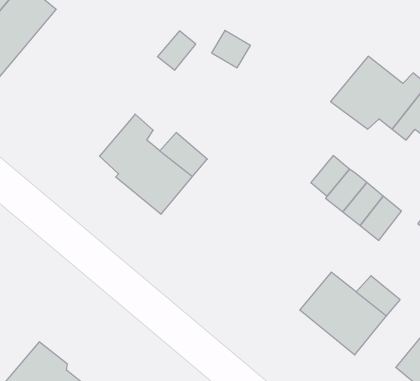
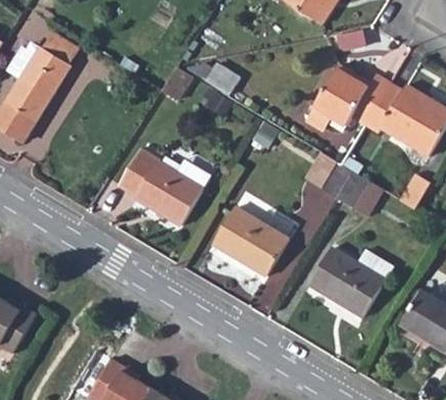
building: none -> [209,205,296,280]

